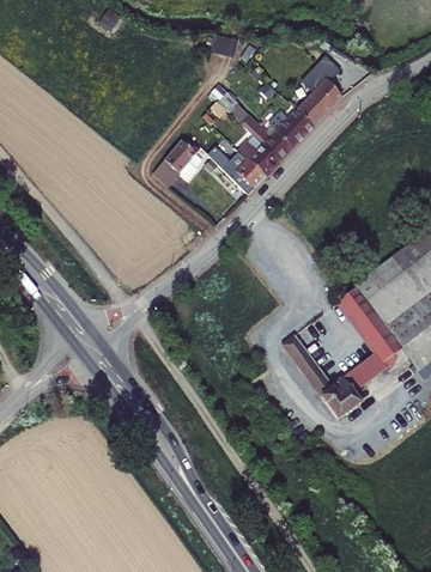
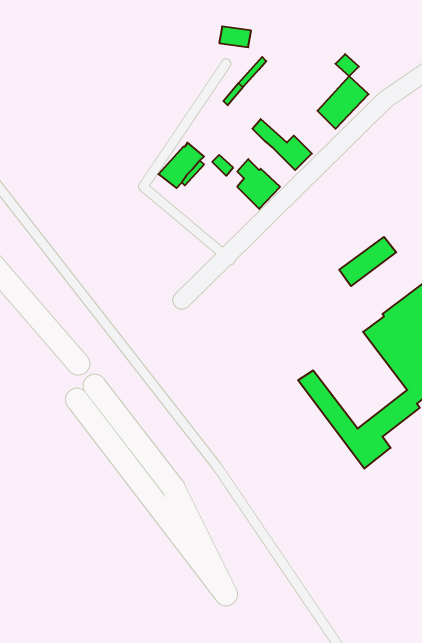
building: [277,110,312,147] -> none
building: [237,136,278,176] -> none
building: none -> [339,237,396,286]

